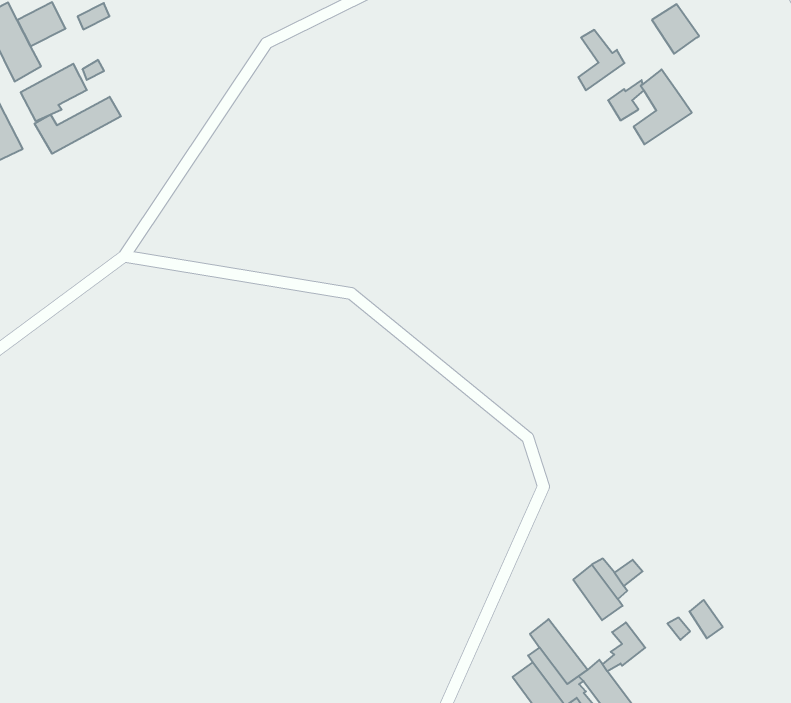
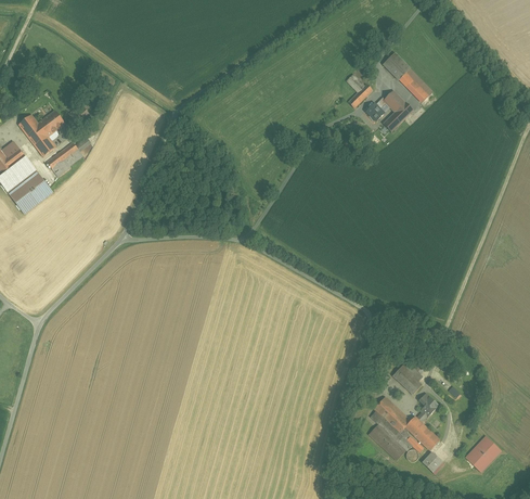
building: none -> [398,68,431,102]
building: [35,97,121,154] -> none

